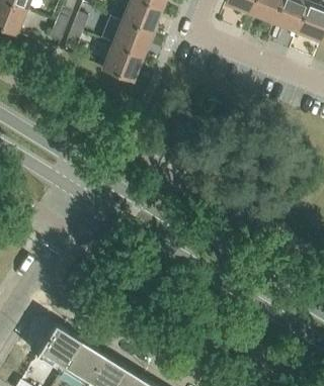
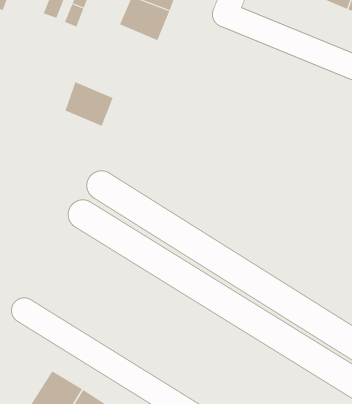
building: [101,44,142,81] -> [64,81,113,126]

